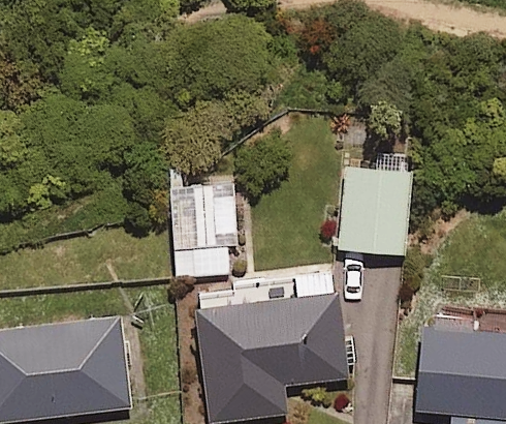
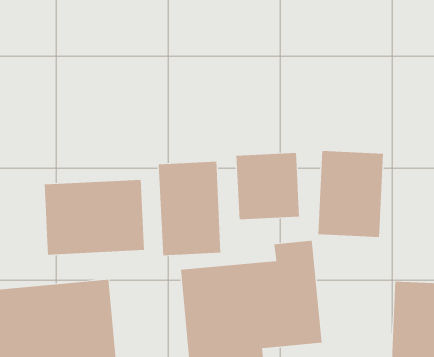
building: none -> [236,152,300,220]
building: none -> [44,179,145,255]

